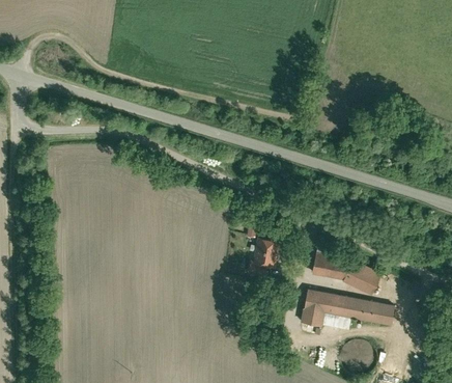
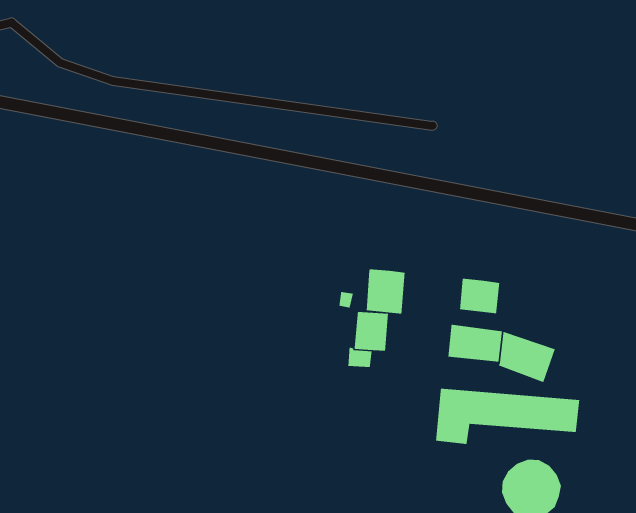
building: none -> [366,269,405,314]
building: none -> [459,278,500,314]

